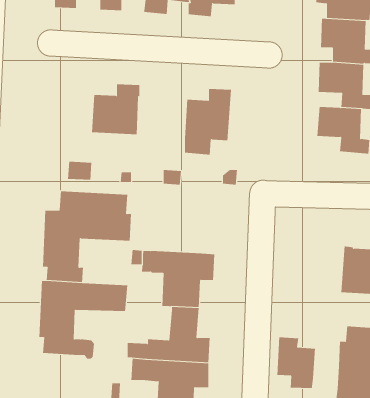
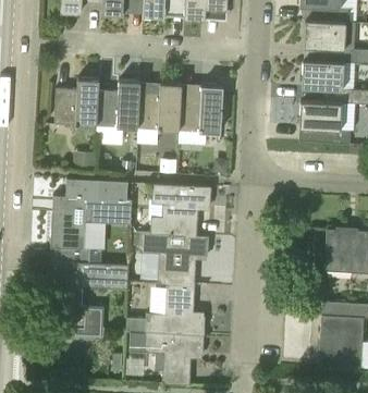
building: none -> [53,78,98,125]
building: none -> [138,83,183,145]
building: none -> [150,184,210,235]
building: [277,336,315,389] -> none

